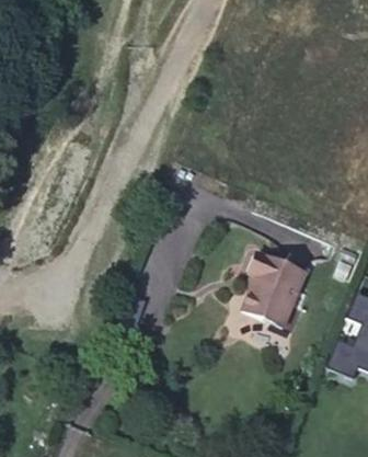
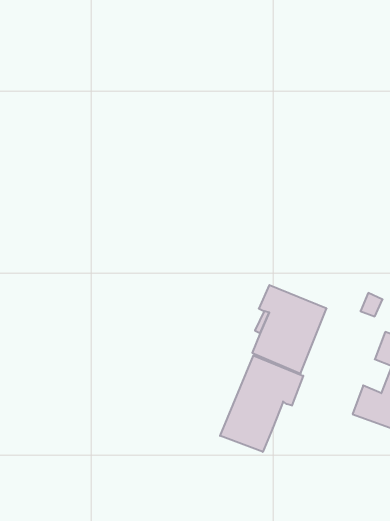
building: none -> [220,355,303,452]

